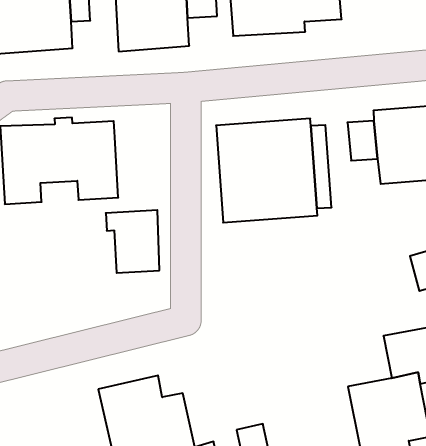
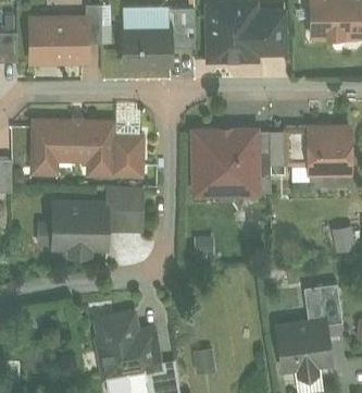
building: none -> [114,133,145,179]
building: none -> [36,200,110,254]

